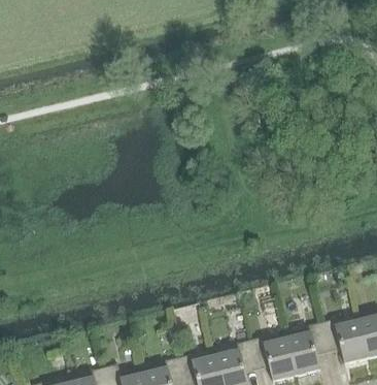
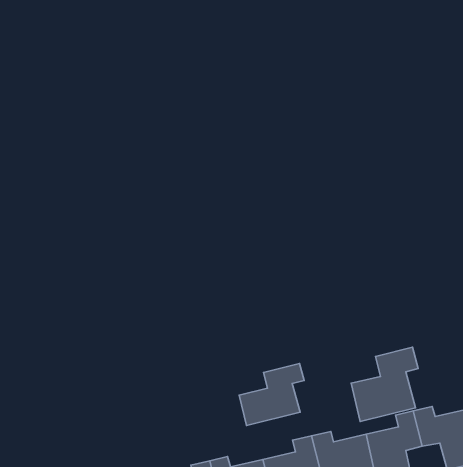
building: none -> [351,347,418,422]
building: none -> [239,363,304,426]

